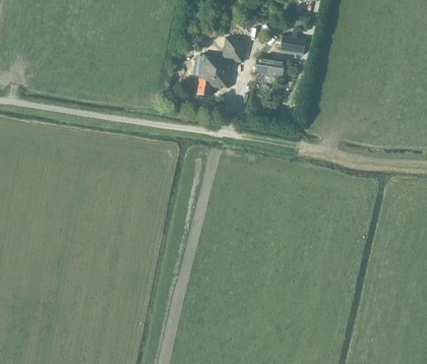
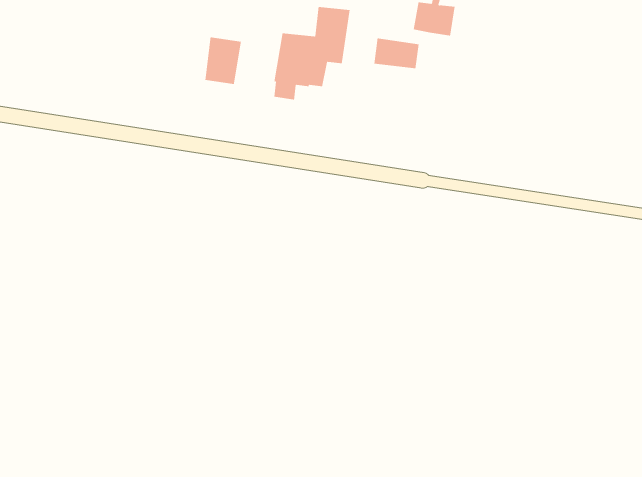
building: none -> [205,36,241,85]

